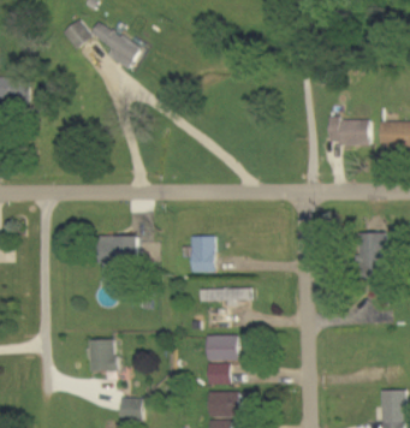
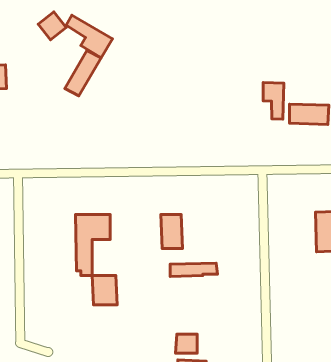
building: none -> [65,51,101,96]
building: none -> [263,83,284,119]
building: [206,334,237,361] -> none
building: [88,339,114,370] -> [92,275,117,305]

